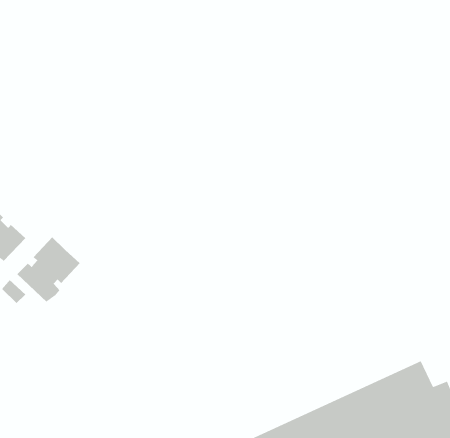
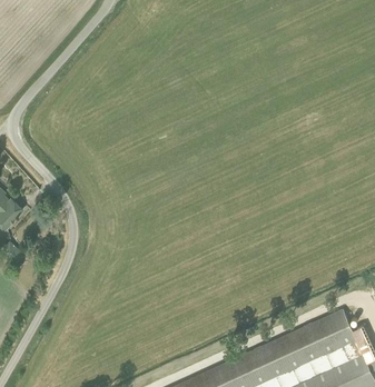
building: [17,236,80,303] -> none

